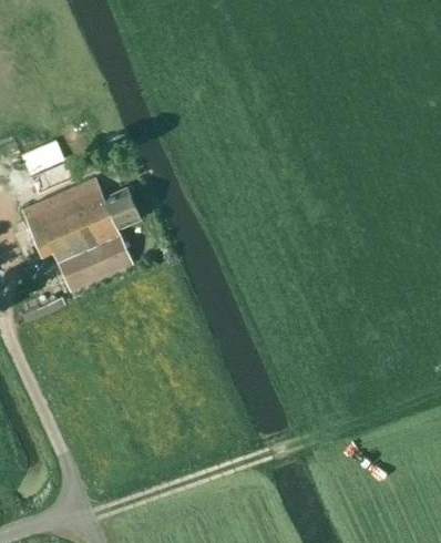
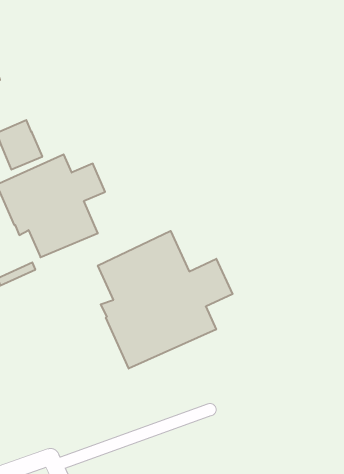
building: none -> [98,231,233,369]

